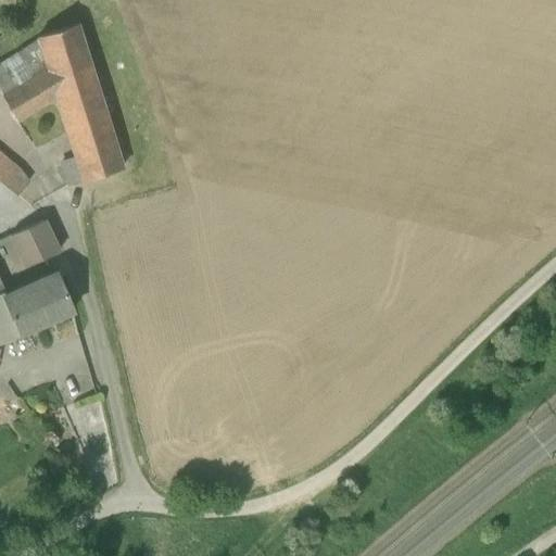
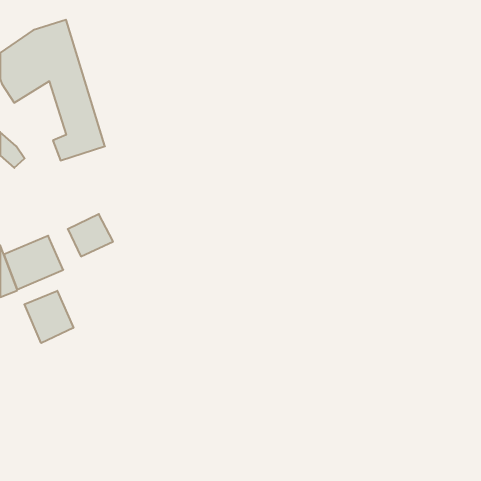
building: [11,219,63,268] -> [68,214,113,256]
building: none -> [24,291,73,343]

